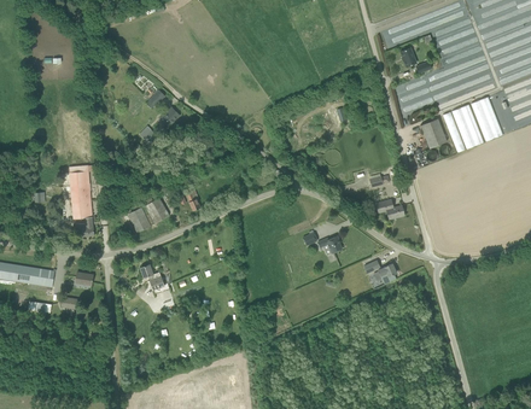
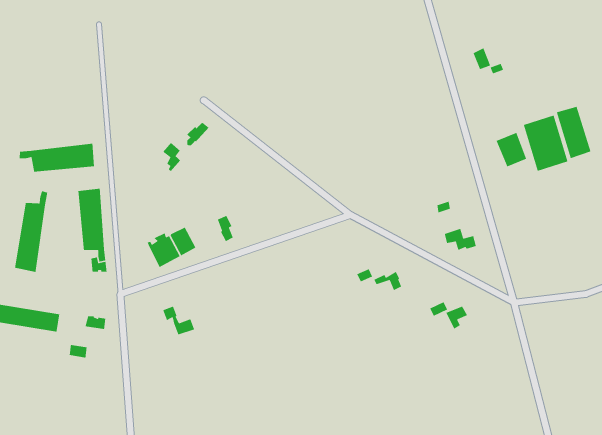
building: none -> [19,143,95,173]
building: none -> [14,190,48,273]

